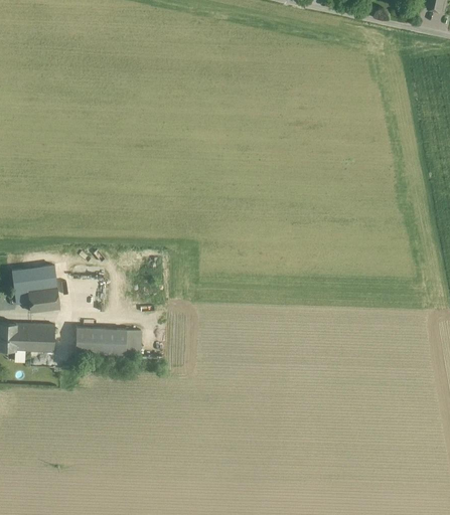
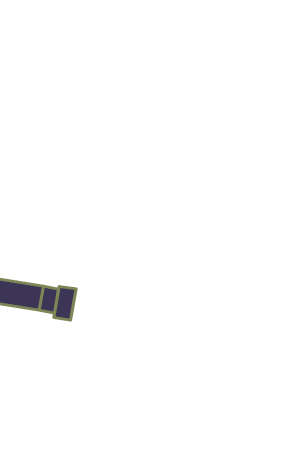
building: none -> [54,286,76,320]

